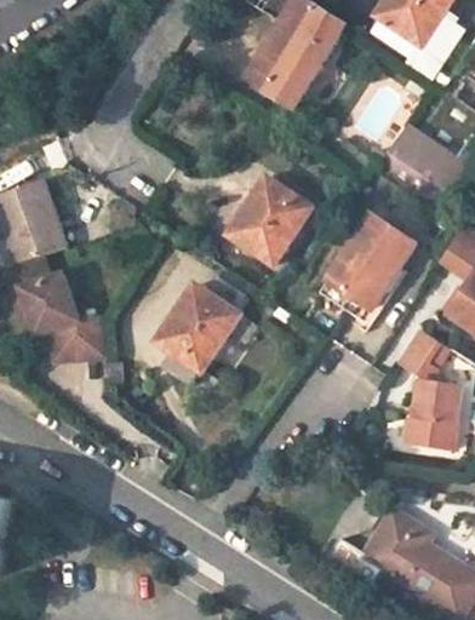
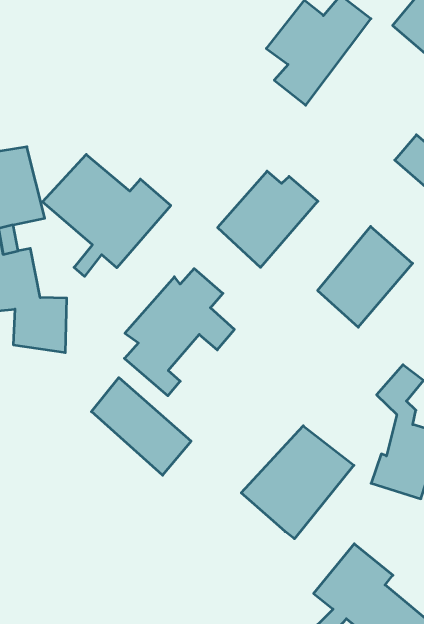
building: none -> [43,154,171,276]
building: none -> [91,378,191,475]
building: none -> [241,426,354,539]

